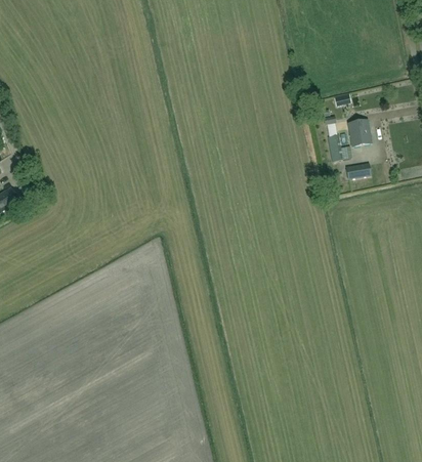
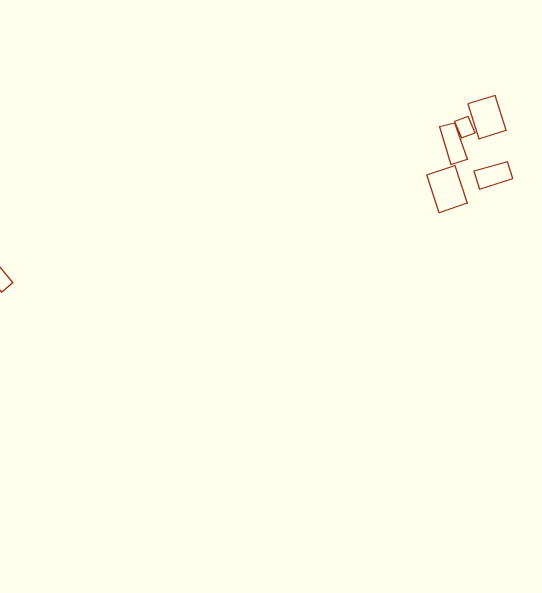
building: none -> [427,165,467,213]

